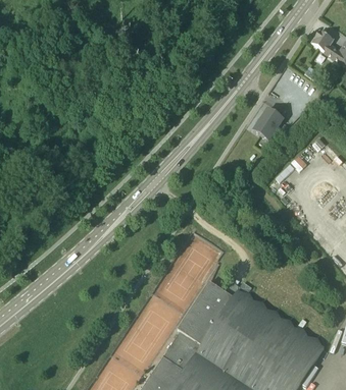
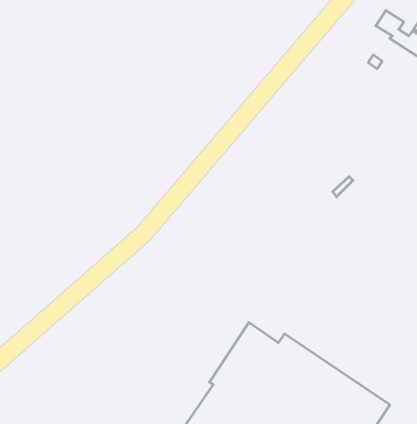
building: [253,108,284,141] -> none

